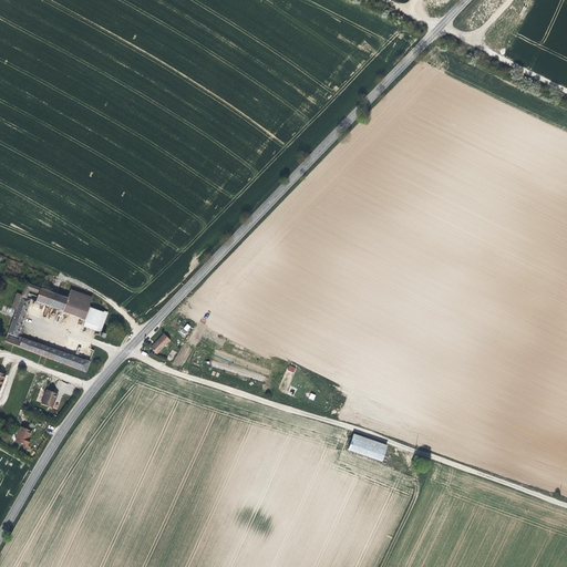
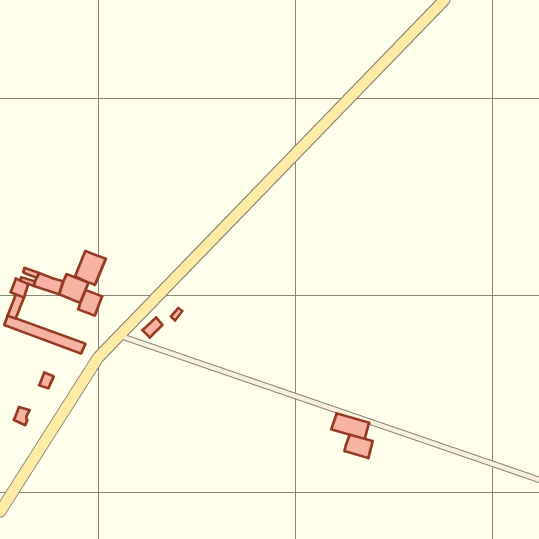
building: none -> [75,251,106,285]
building: none -> [345,435,373,458]

